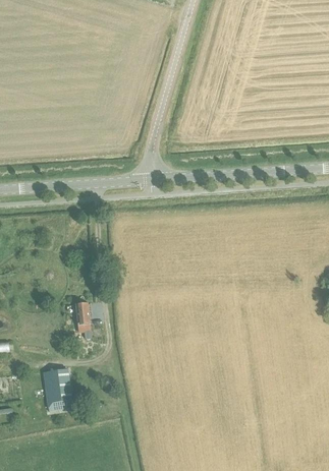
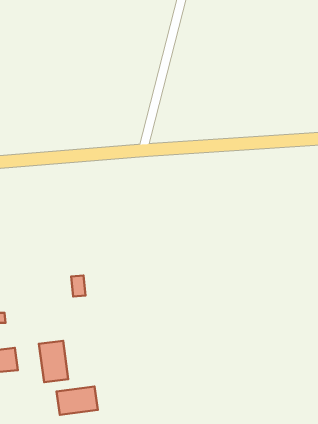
building: none -> [57,387,98,415]

